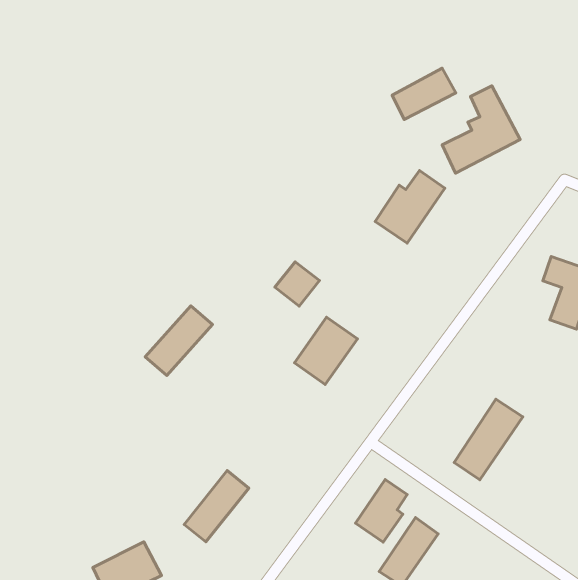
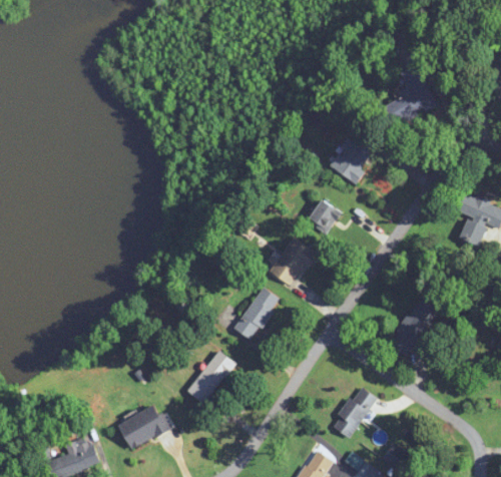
building: [392,68,456,120] -> none
building: [275,262,319,306] -> [308,199,341,232]
building: [145,306,212,376] -> [231,288,282,340]
building: [356,480,407,542] -> none

